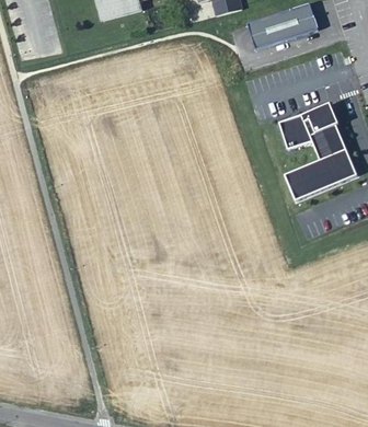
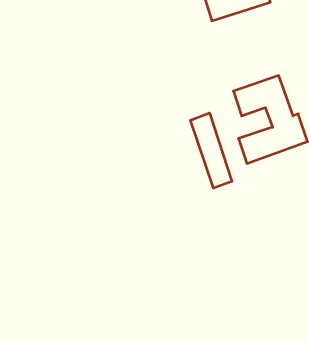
building: none -> [191,113,232,188]

